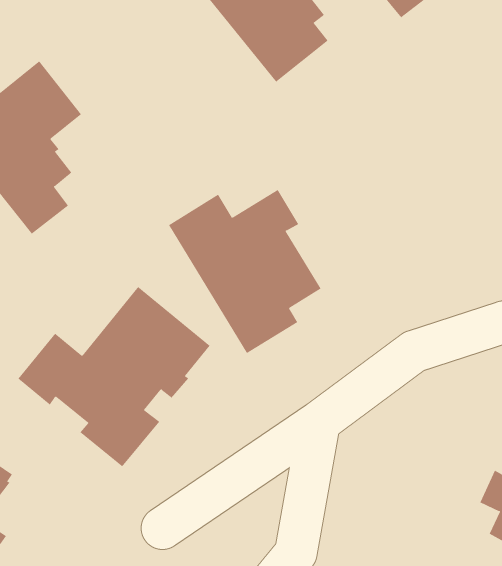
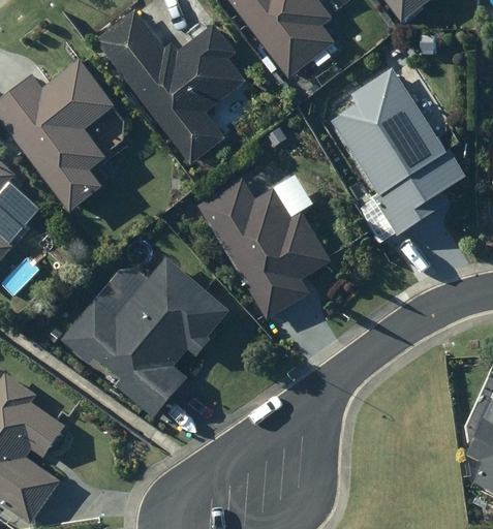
building: none -> [98,13,239,155]
building: none -> [329,68,463,236]

